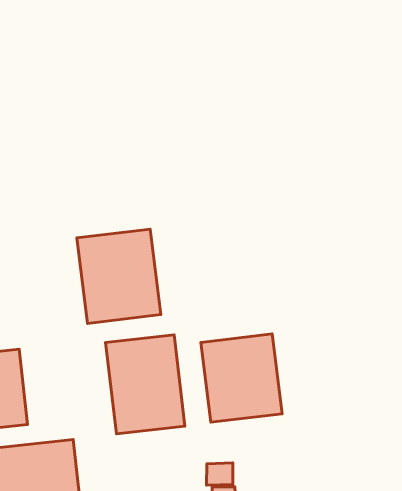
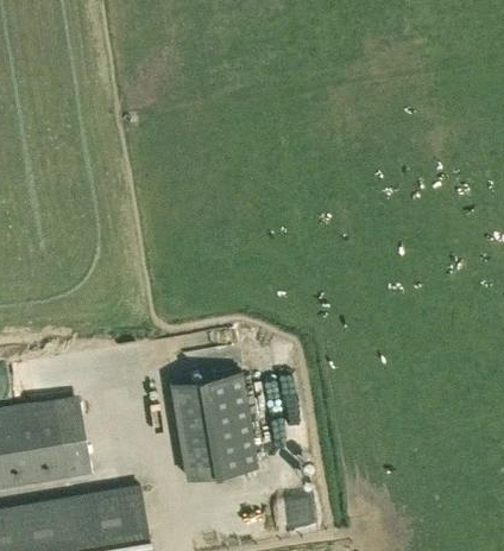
building: [77,229,161,323] -> none
building: [201,334,282,422] -> none

